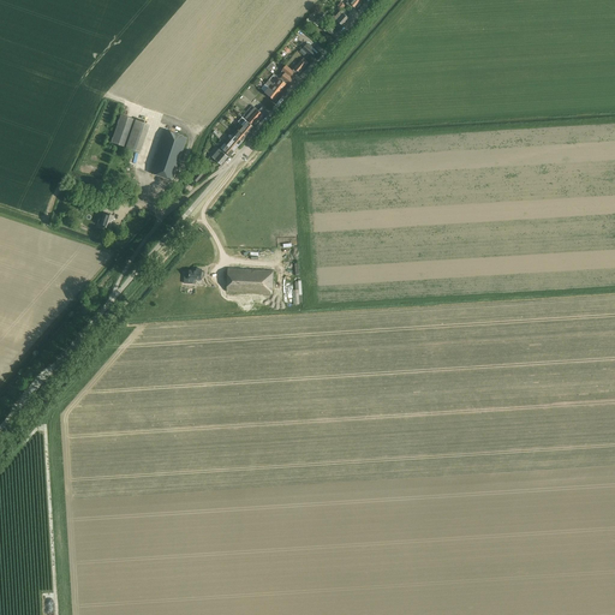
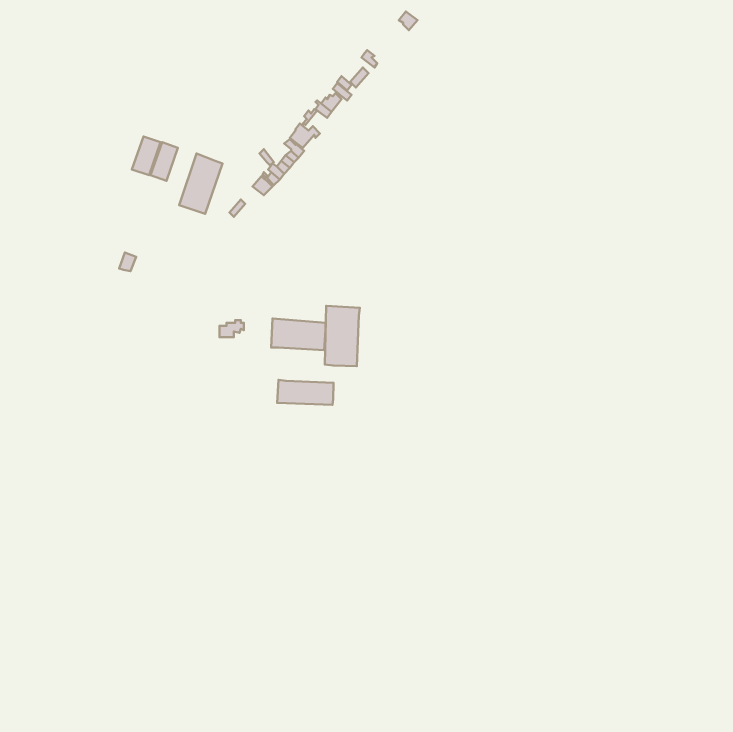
building: none -> [325,306,360,366]
building: none -> [277,380,334,405]

